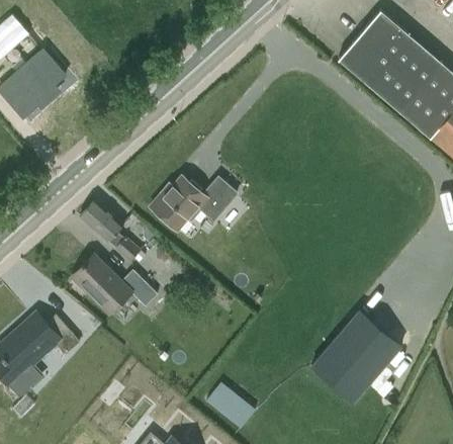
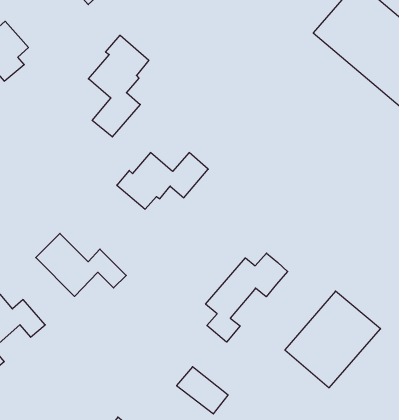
building: none -> [88,35,149,137]
building: [82,200,142,262] -> none
building: none -> [206,253,288,342]

